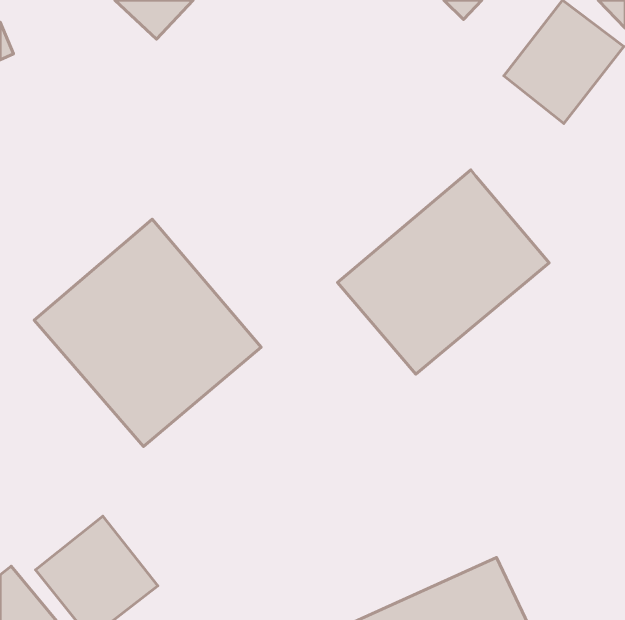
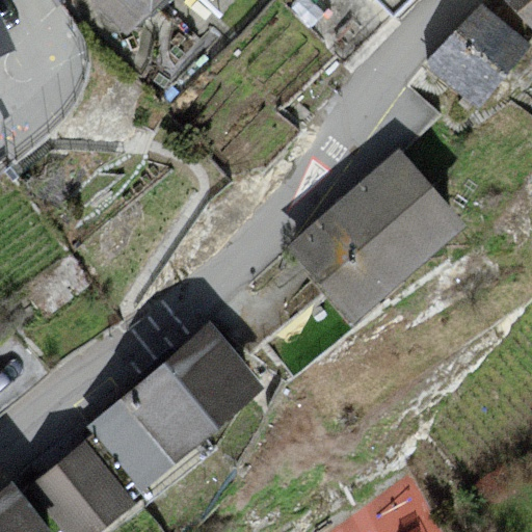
building: [34,219,261,447] -> none
building: none -> [86,324,263,491]

